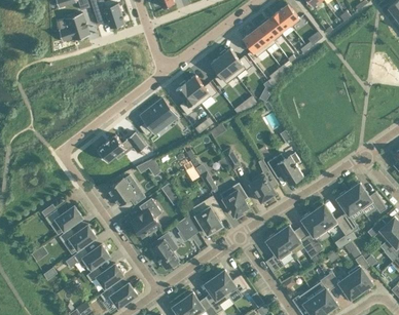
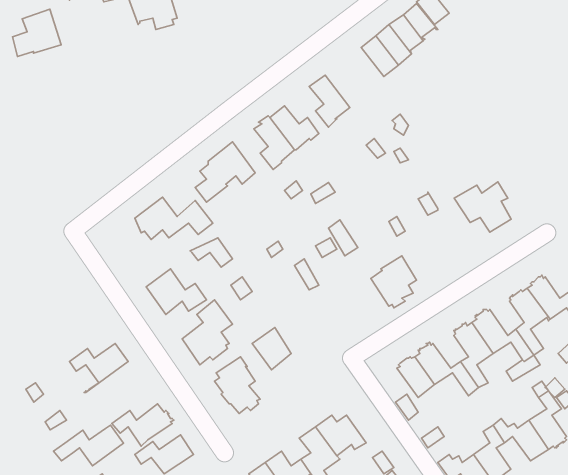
building: [59,12,89,42] -> [12,9,61,56]
building: [219,47,251,76] -> none
building: [266,152,302,184] -> [454,182,511,232]
building: [222,183,248,216] -> none
building: [191,195,225,234] -> none
building: [41,203,82,230] -> none
building: [65,244,109,270] -> [53,425,123,466]

